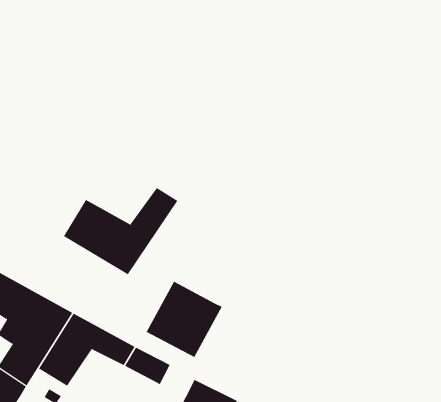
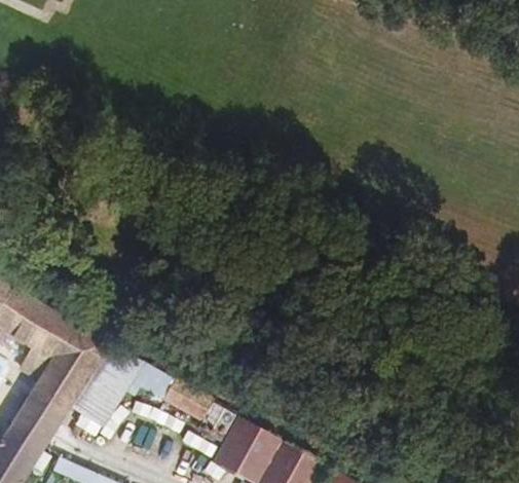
building: [63,187,178,275] -> none
building: [146,281,223,358] -> none

